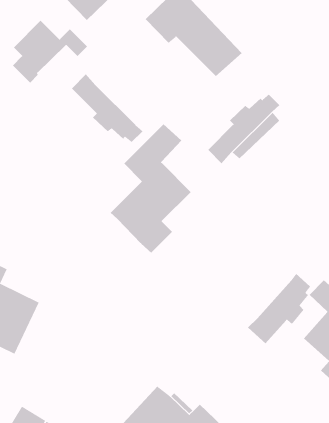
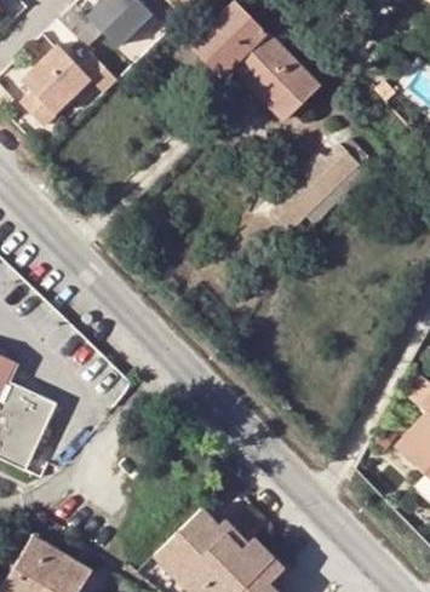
building: [71,74,143,143] -> none
building: [110,124,191,253] -> none
building: [247,273,311,344] -> none

